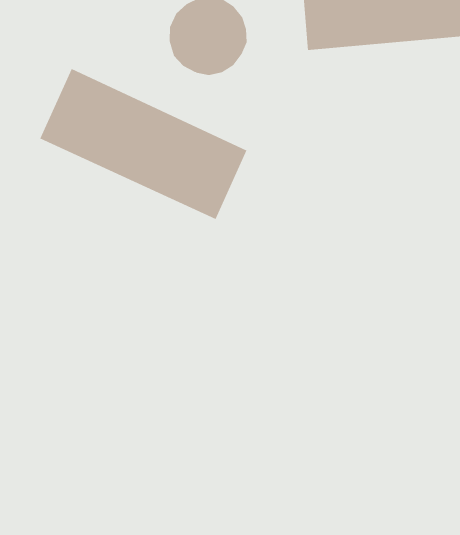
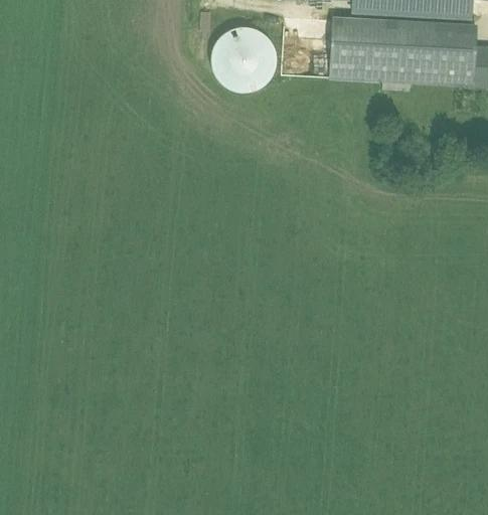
building: [39,68,247,220] -> none

